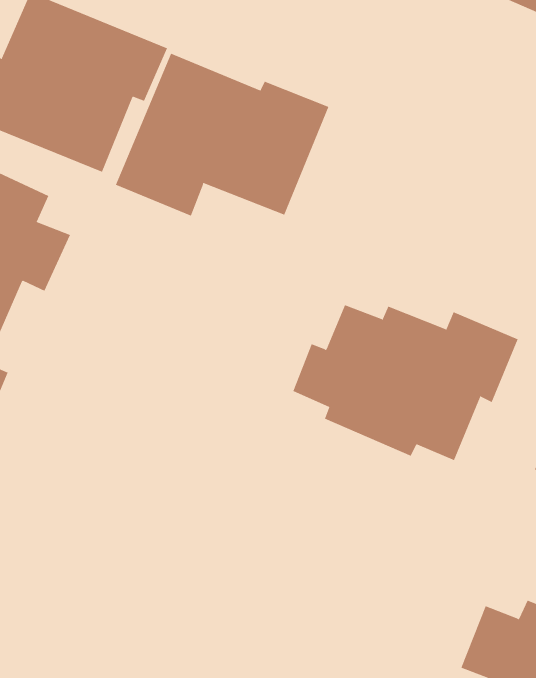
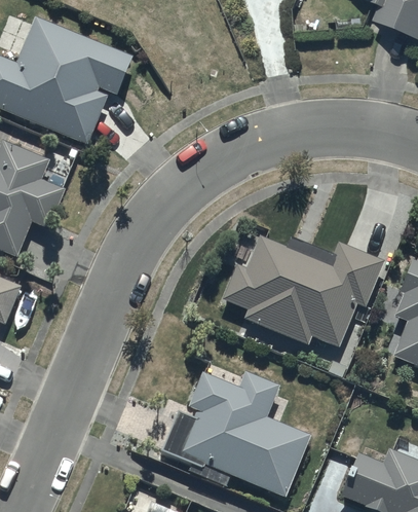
building: [115,53,329,216] -> none
building: none -> [160,371,310,498]

